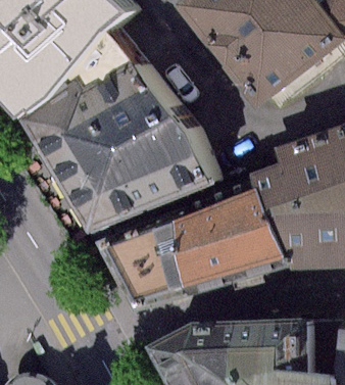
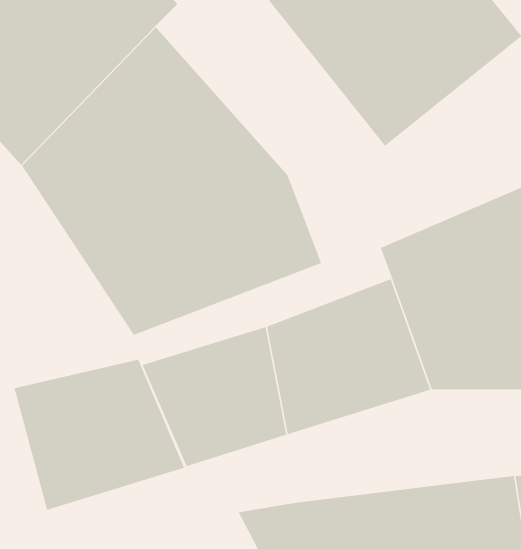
building: none -> [14,359,185,511]

